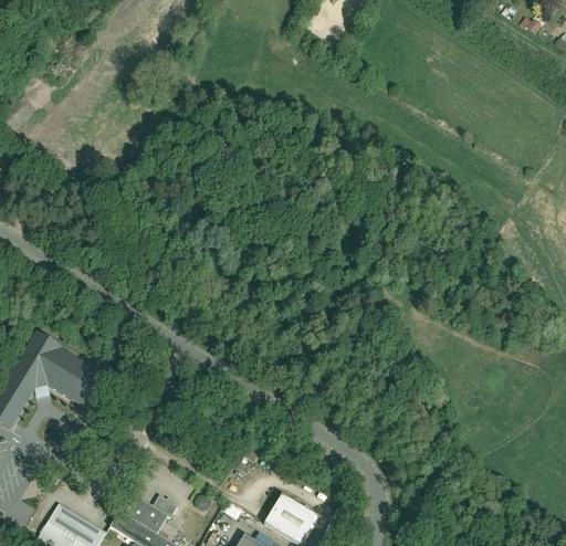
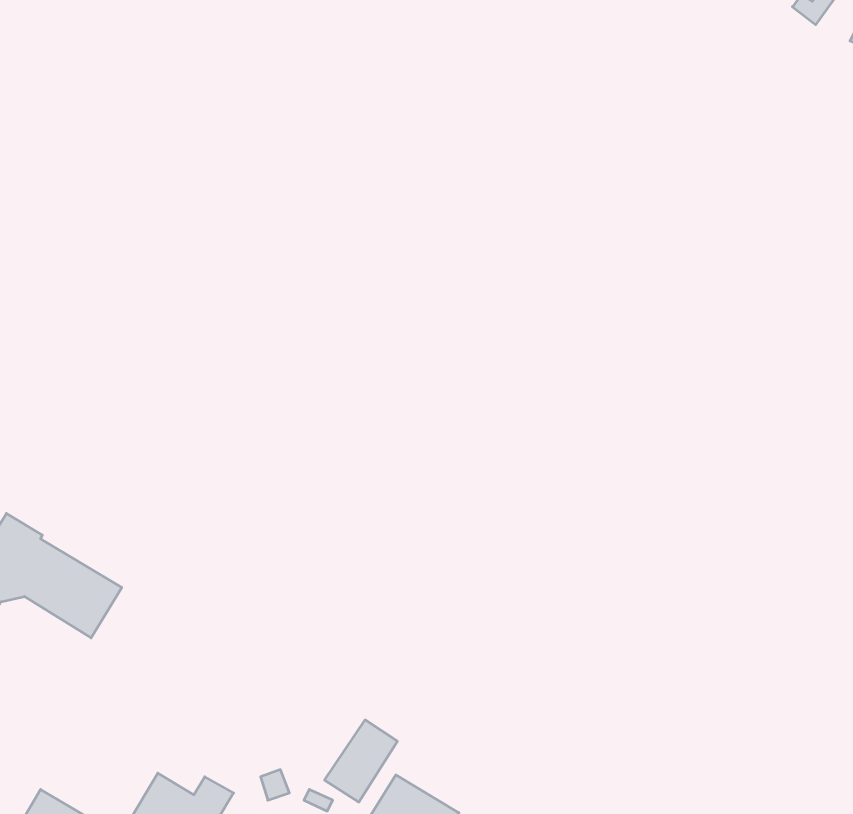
building: none -> [325,720,397,802]

